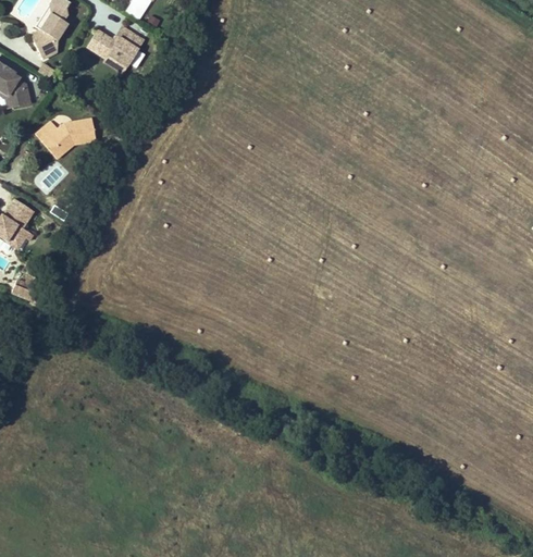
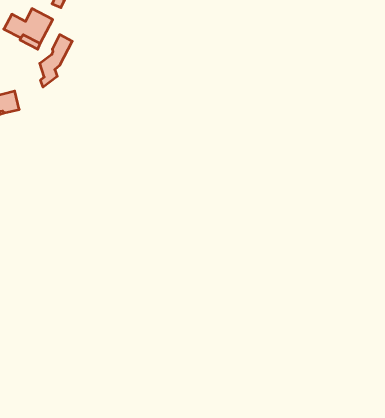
building: none -> [40,35,72,87]

